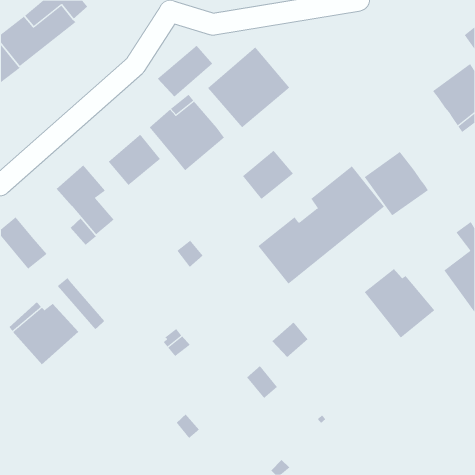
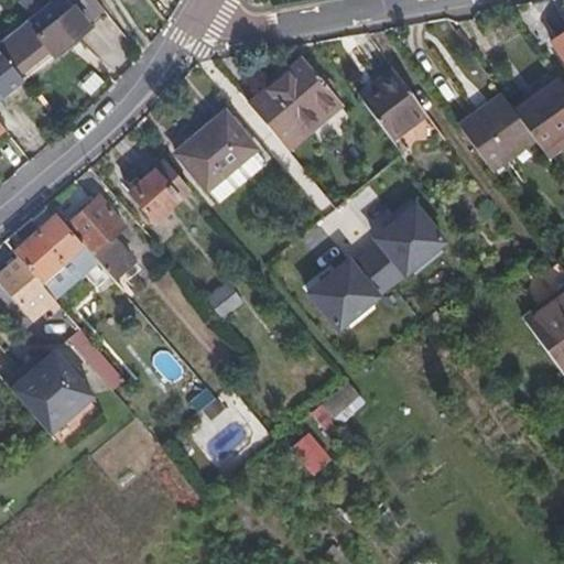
building: [157,45,213,98] -> none
building: none -> [357,67,427,141]
building: [242,150,294,200] -> none
building: [364,151,429,216] -> [458,94,535,171]
building: none -> [12,213,85,283]
building: [364,268,435,338] -> none

